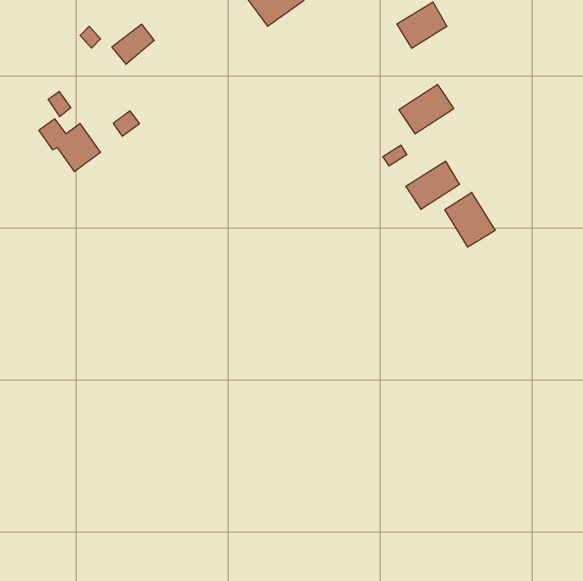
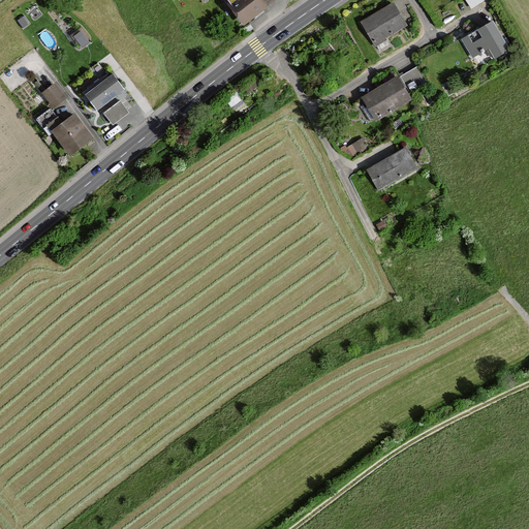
building: none -> [462,22,507,59]
building: [112,24,154,64] -> [84,74,122,111]
building: [445,192,495,247] -> none

